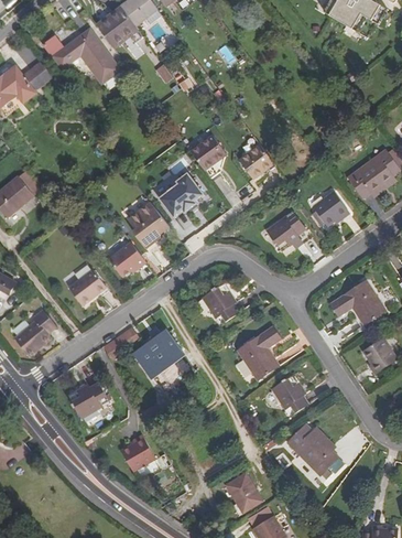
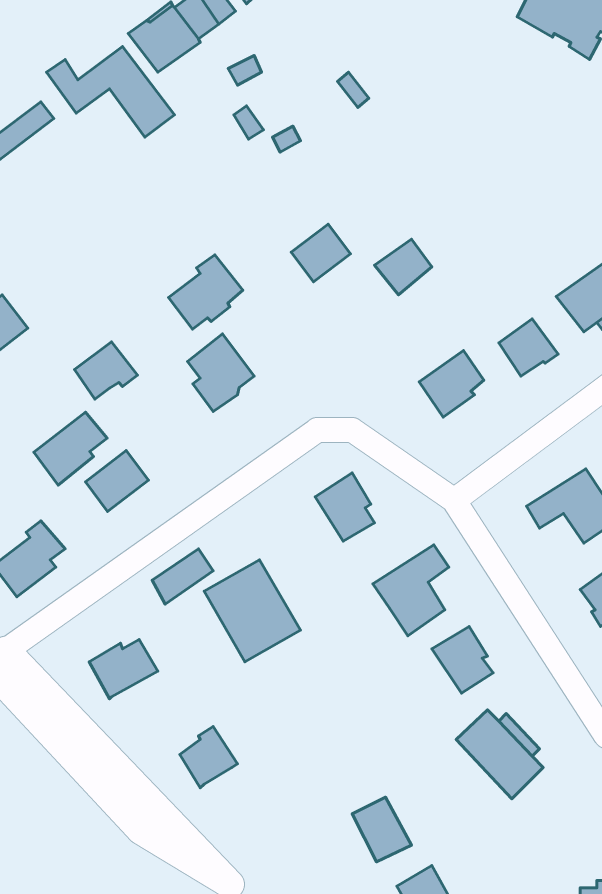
building: [157,172,202,216] -> [169,255,243,329]
building: [107,240,144,275] -> [74,342,137,399]
building: none -> [34,412,107,485]

